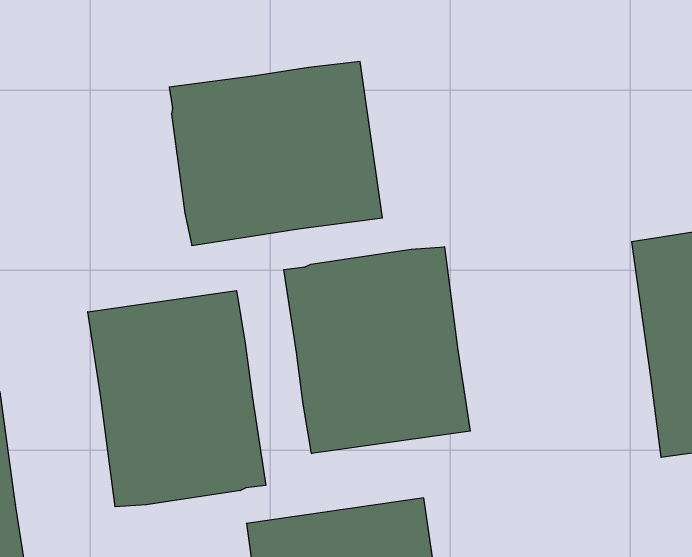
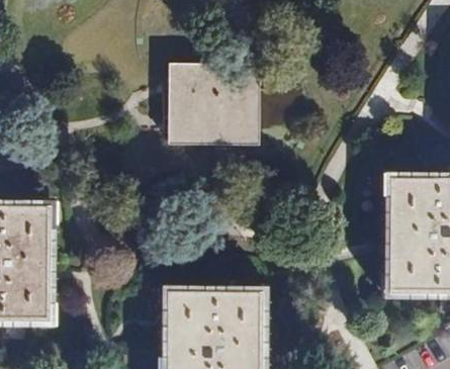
building: [284,247,470,454] -> none
building: [88,291,266,507] -> none

